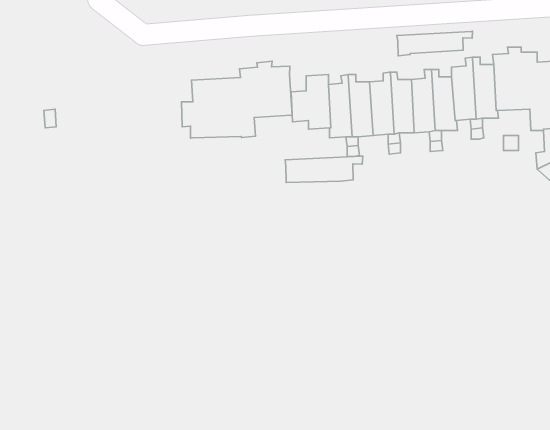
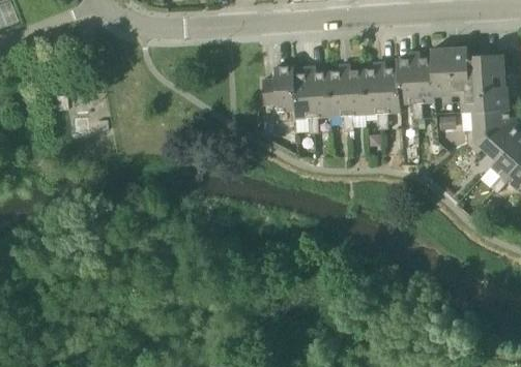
building: [397,31,473,56] -> none
building: [182,61,292,138] -> none
building: [285,156,363,182] -> none

